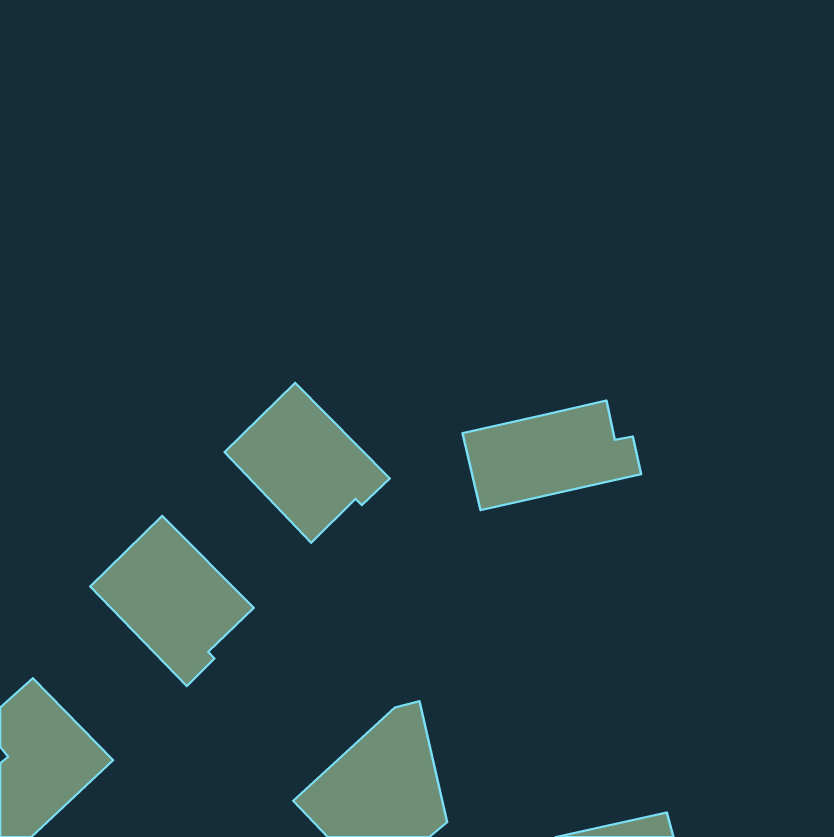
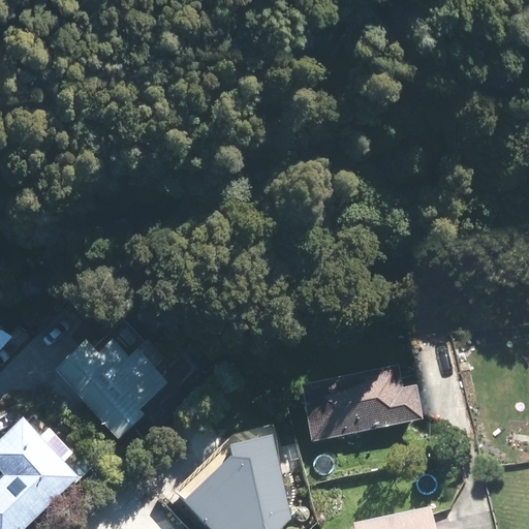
building: [224,383,390,543] -> none
building: [462,400,641,510] -> [304,369,416,438]

